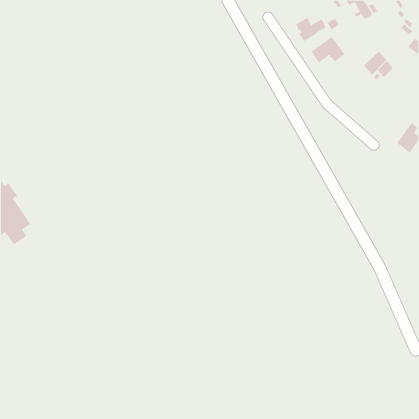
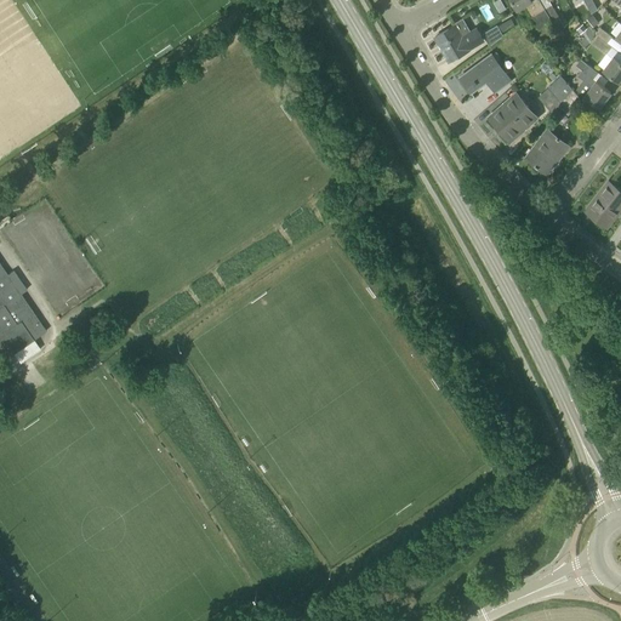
building: none -> [576,63,610,107]
building: none -> [489,92,537,141]
building: none -> [525,129,569,175]

